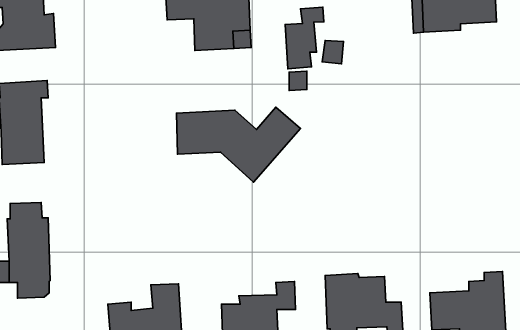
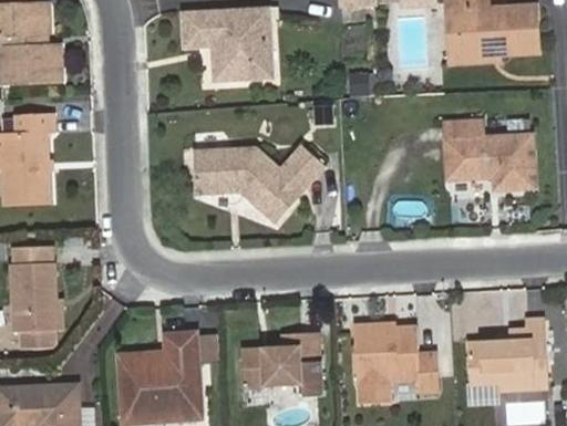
building: [285,7,324,69] -> none
building: none -> [445,122,533,187]

